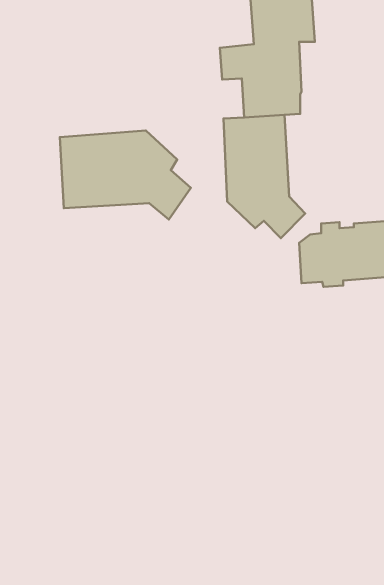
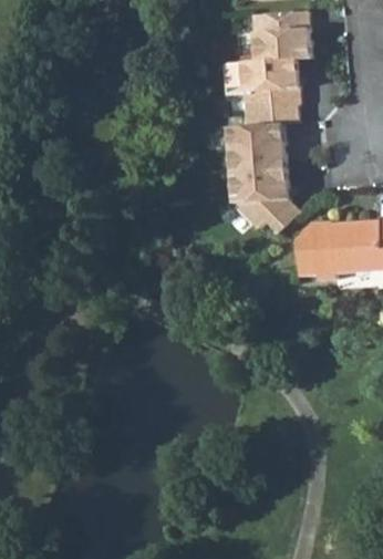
building: [60,130,191,219] -> none

